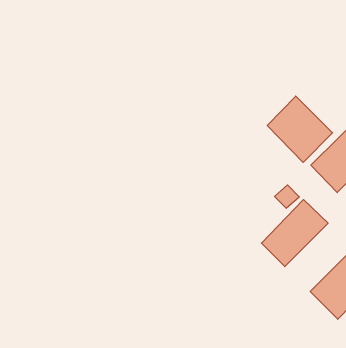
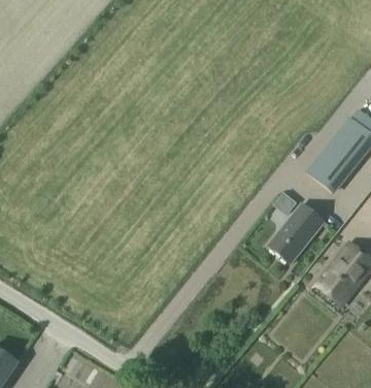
building: [267,96,333,162] -> none

